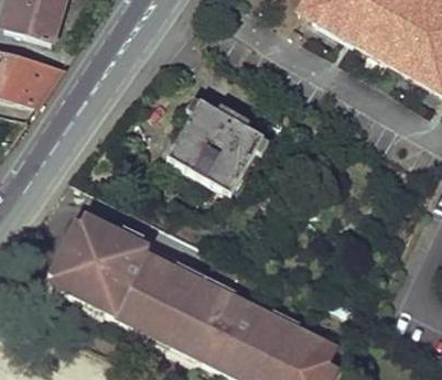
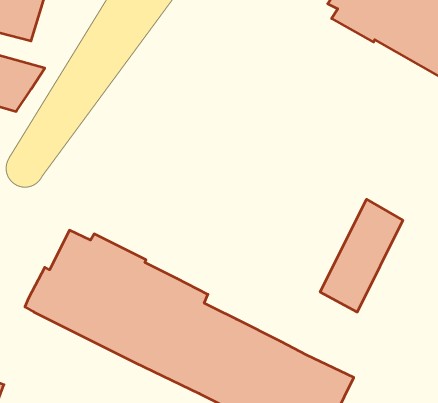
building: [161,99,254,189] -> none
building: none -> [320,199,403,312]

